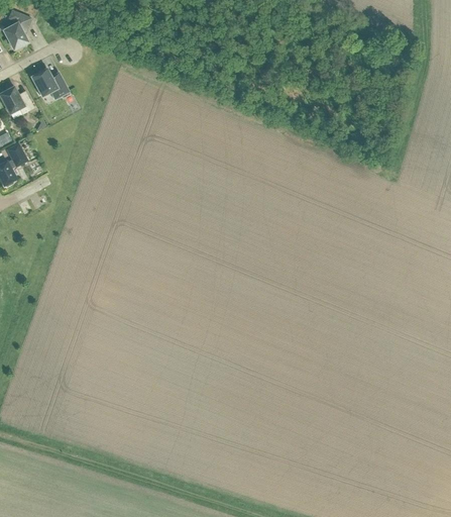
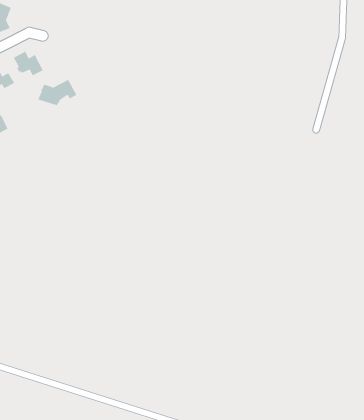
building: none -> [37,79,78,106]

